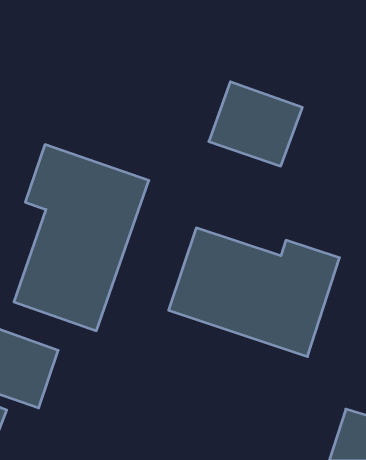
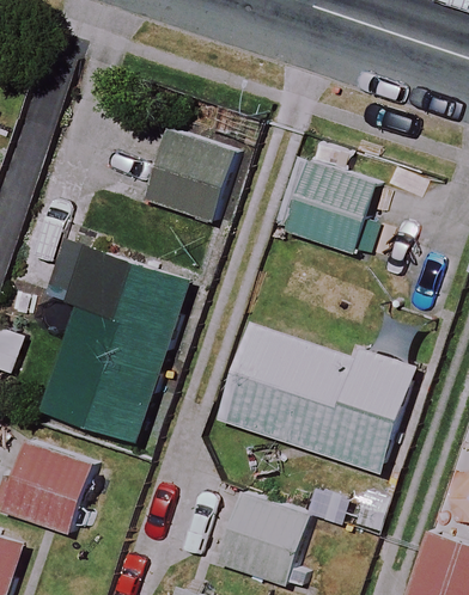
building: none -> [145,130,236,225]
building: none -> [217,486,347,584]

